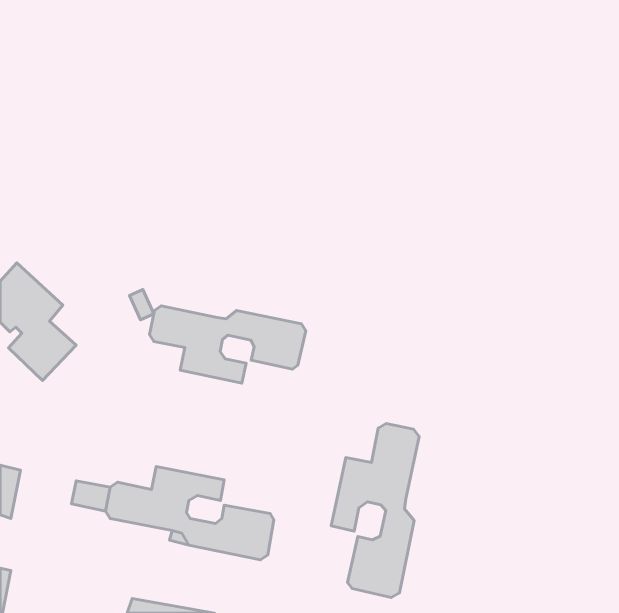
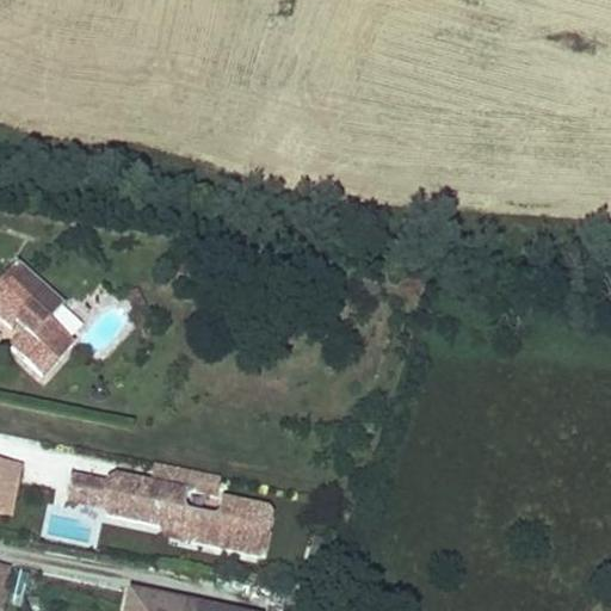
building: [150,306,306,383] -> none
building: [331,424,419,597] -> none

